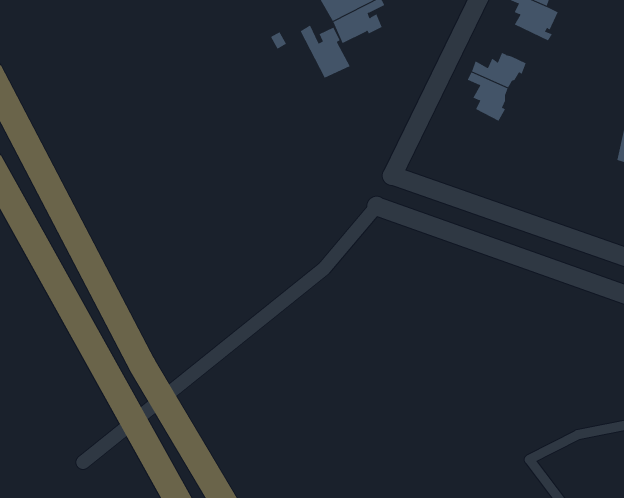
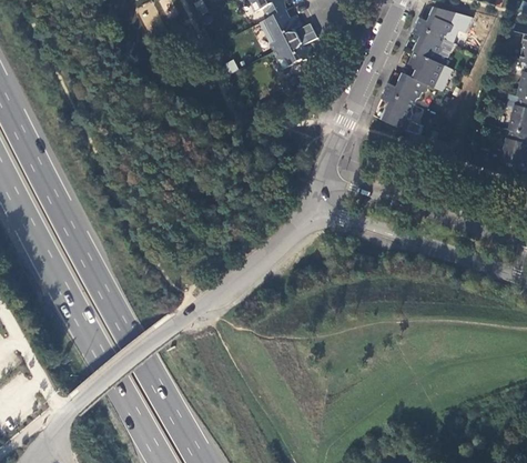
building: none -> [408,51,454,90]
building: [300,25,350,79] -> none

